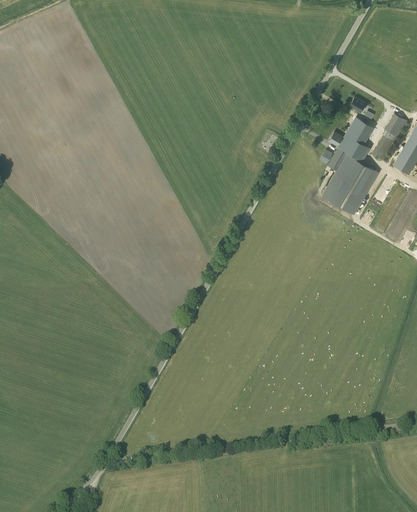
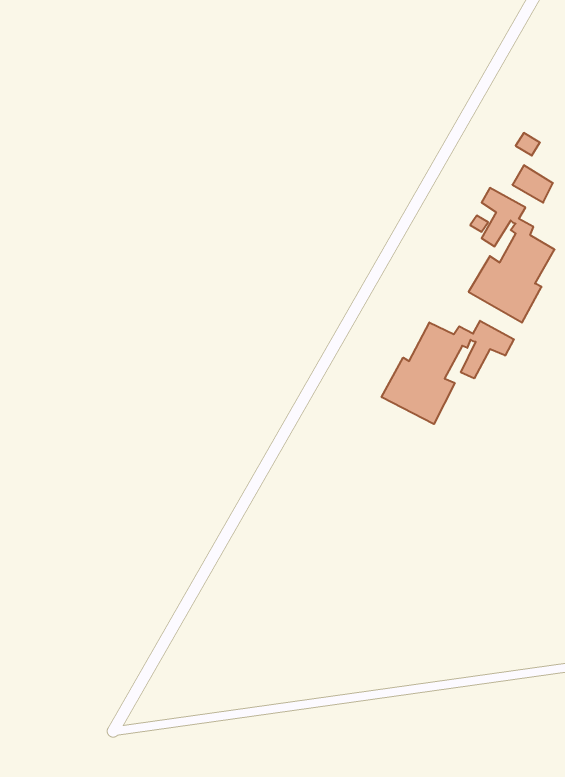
building: none -> [382,321,514,424]

